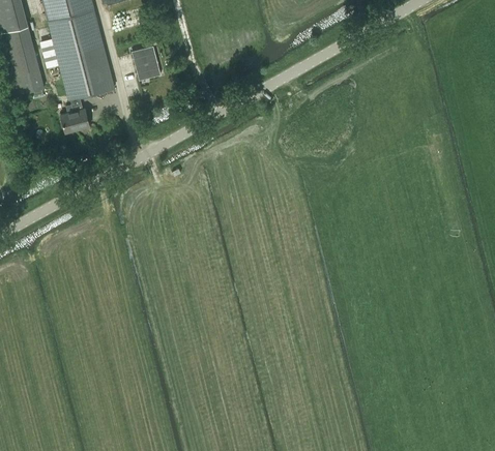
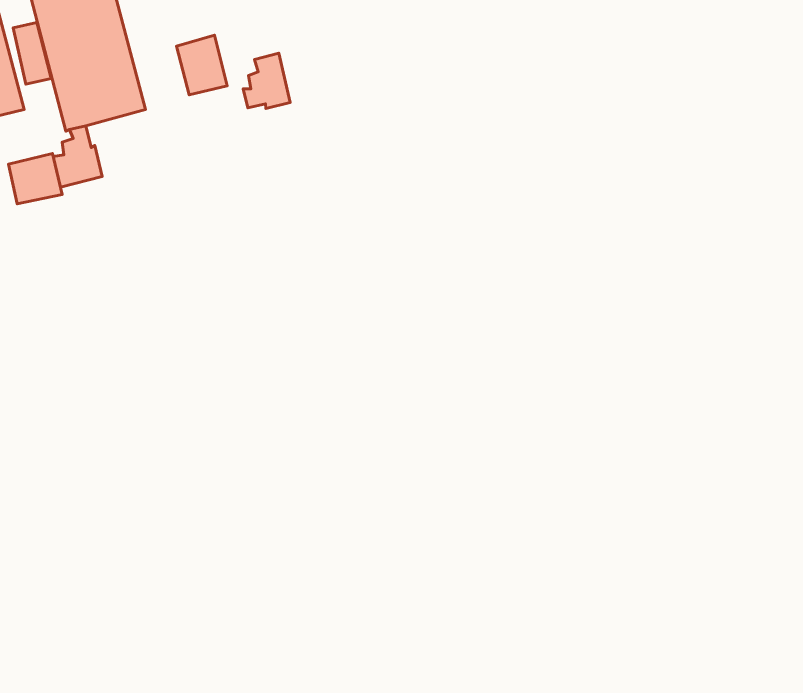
building: none -> [243,53,290,109]
building: none -> [8,153,62,204]

